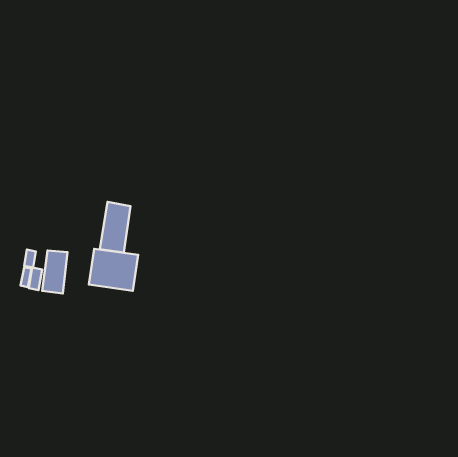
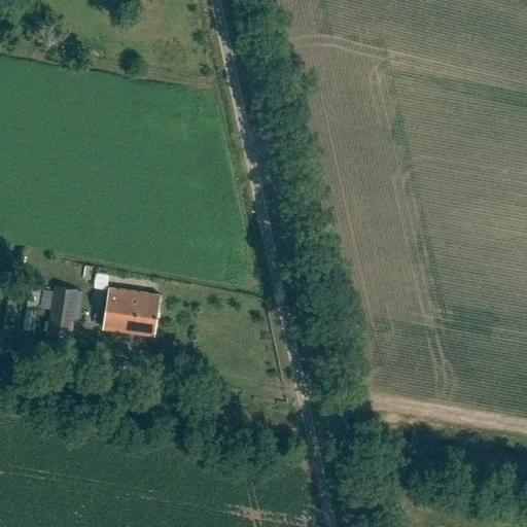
building: [100,202,130,253] -> none

